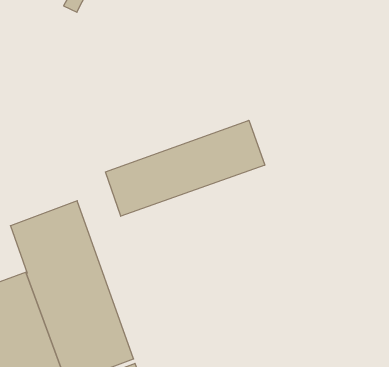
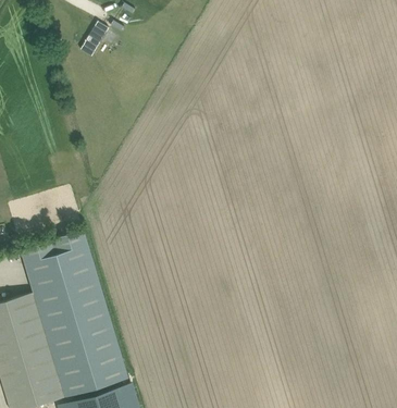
building: [106,120,265,216] -> none

